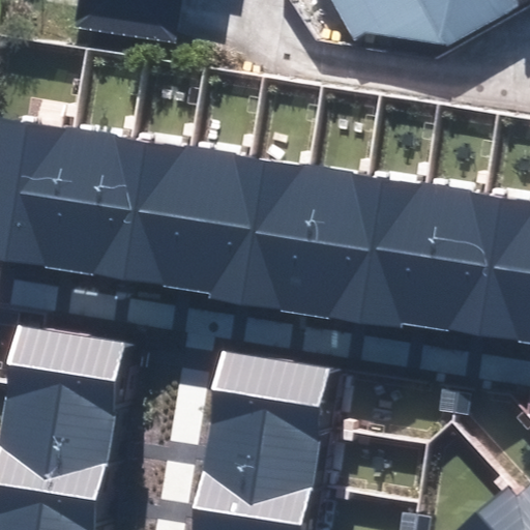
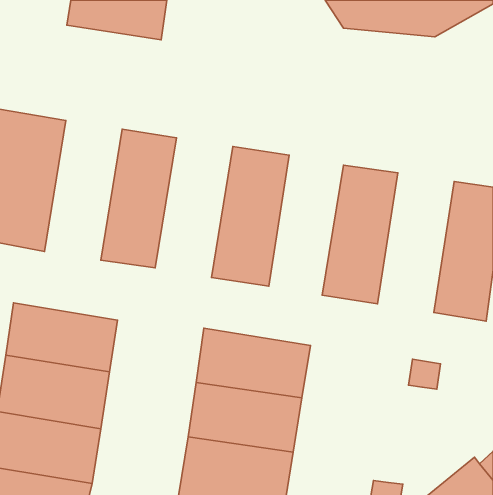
building: [48,129,130,278] -> none
building: [166,148,248,297] -> none
building: [287,167,366,316] -> none
building: [403,185,484,334] -> none

